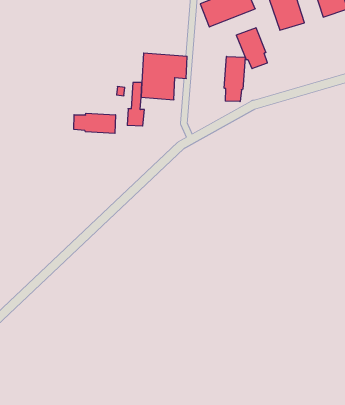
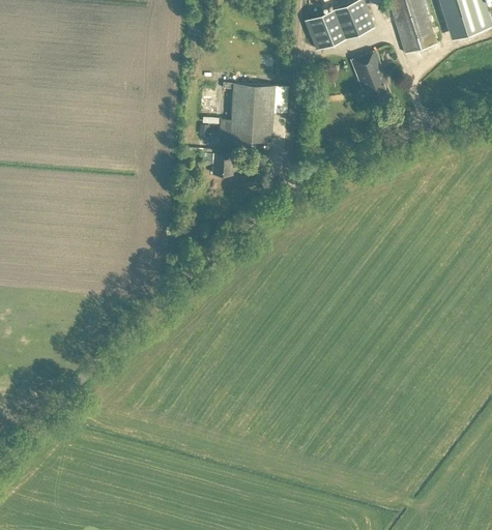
building: [224,56,245,102] -> none
building: [74,113,115,133] -> none

